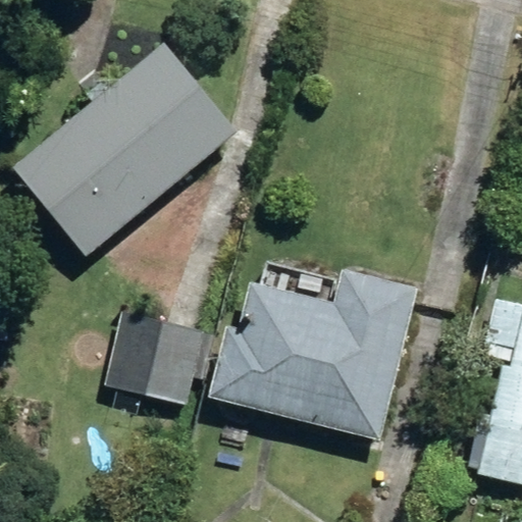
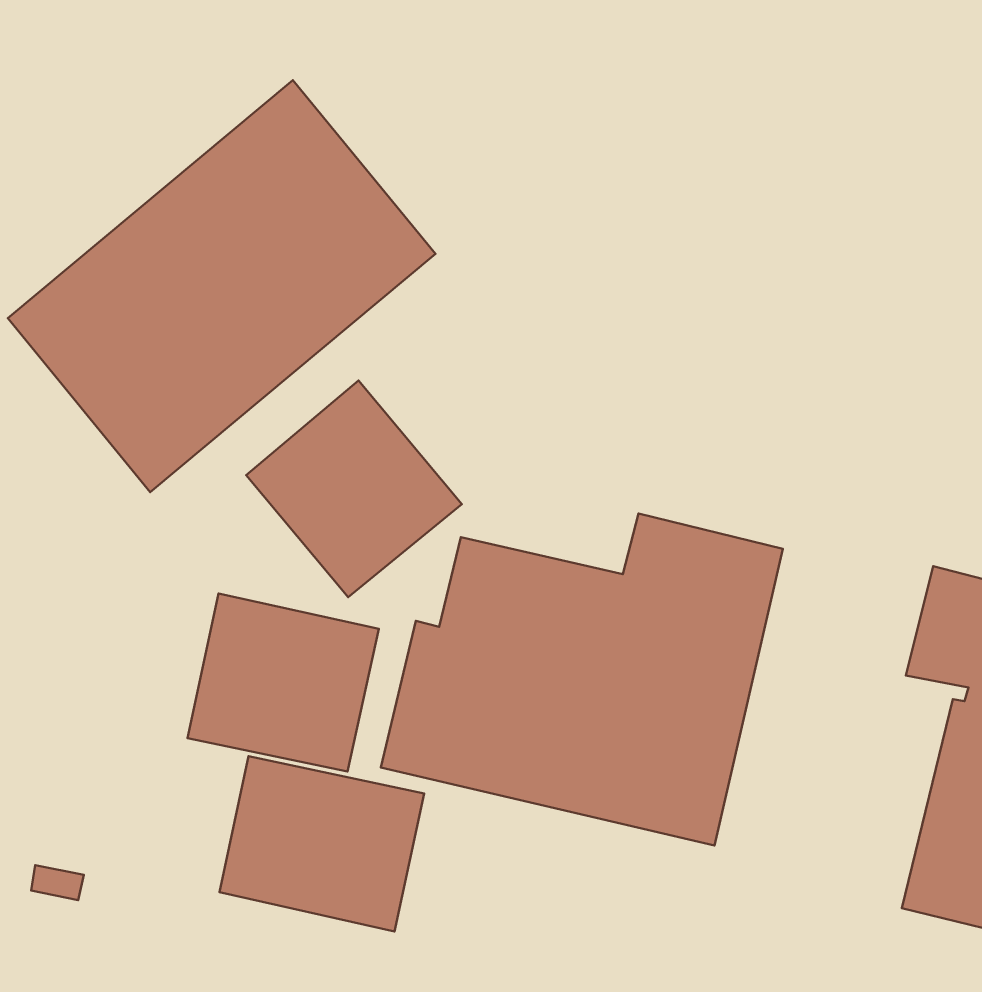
building: none -> [246,381,462,597]
building: none -> [219,756,424,931]

